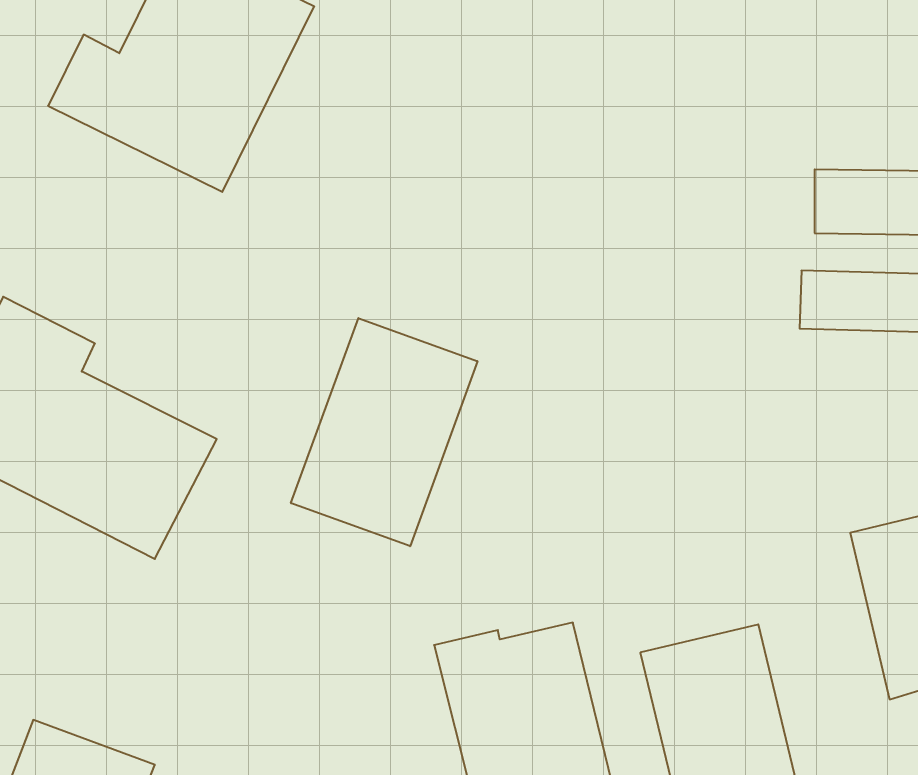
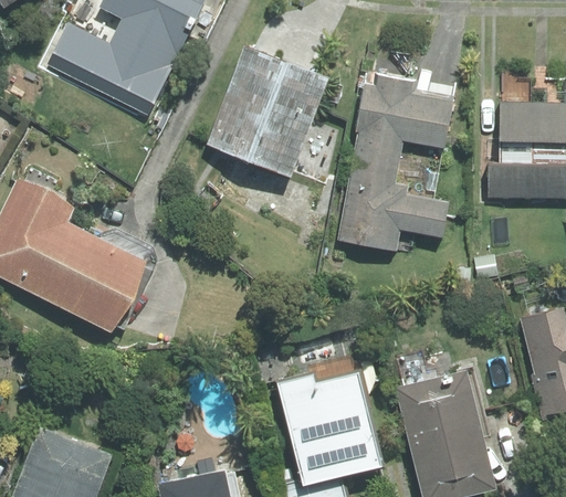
building: none -> [210,46,327,172]
building: none -> [335,81,453,250]
building: [291,318,477,546] -> none

